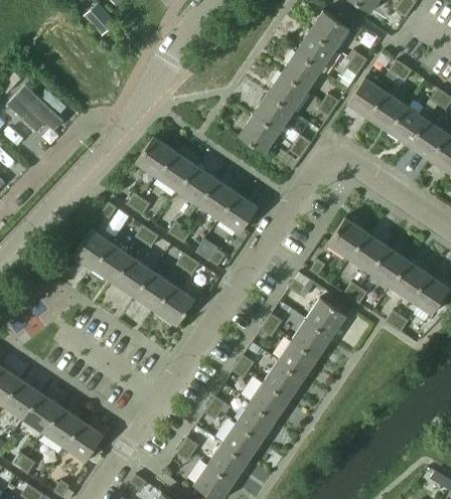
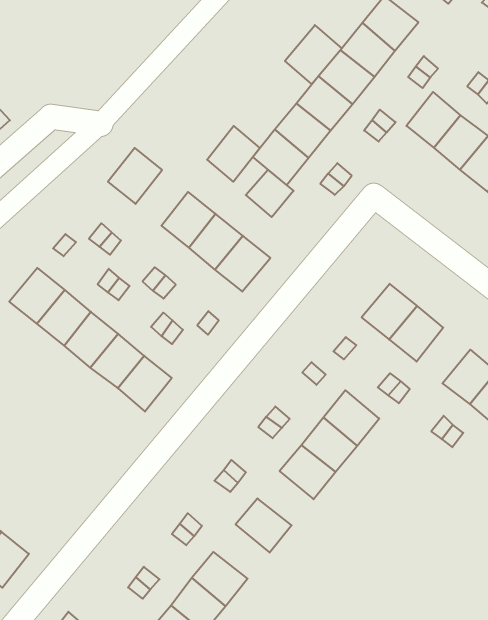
building: none -> [285,25,342,84]
building: none -> [246,170,294,217]
building: [157,151,194,191] -> [207,126,260,182]
building: [369,246,408,287] -> none
building: [264,360,304,398] -> none
building: [236,401,276,440] -> none

